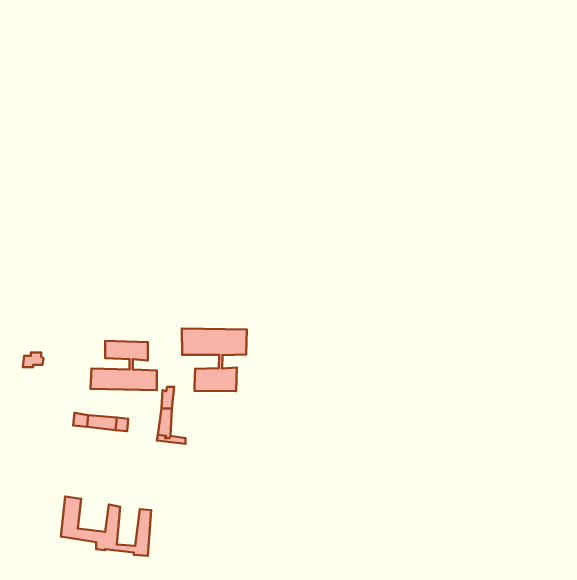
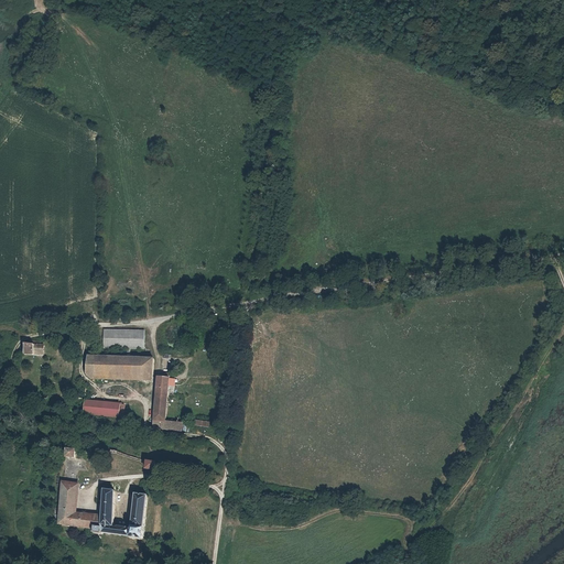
building: [182,328,247,391] -> none

